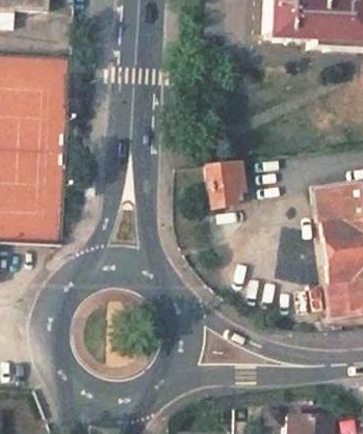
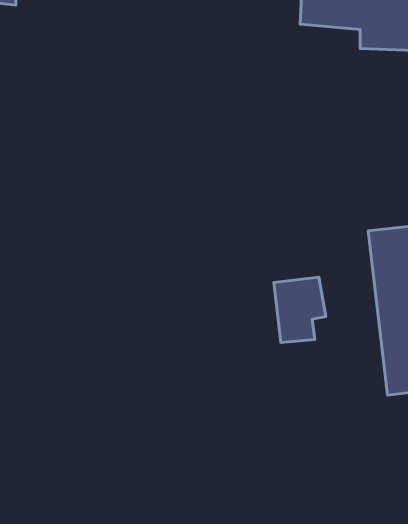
building: [205,157,244,207] -> [274,277,326,342]

